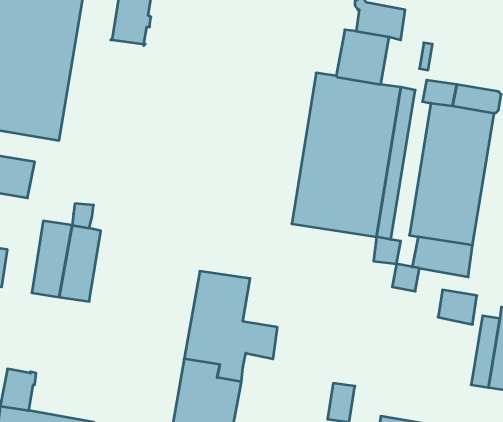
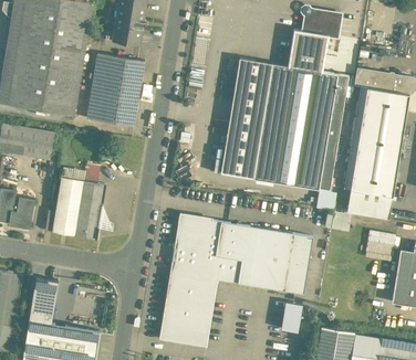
building: none -> [86,53,144,126]
building: none -> [220,57,271,179]
building: none -> [215,221,312,293]

